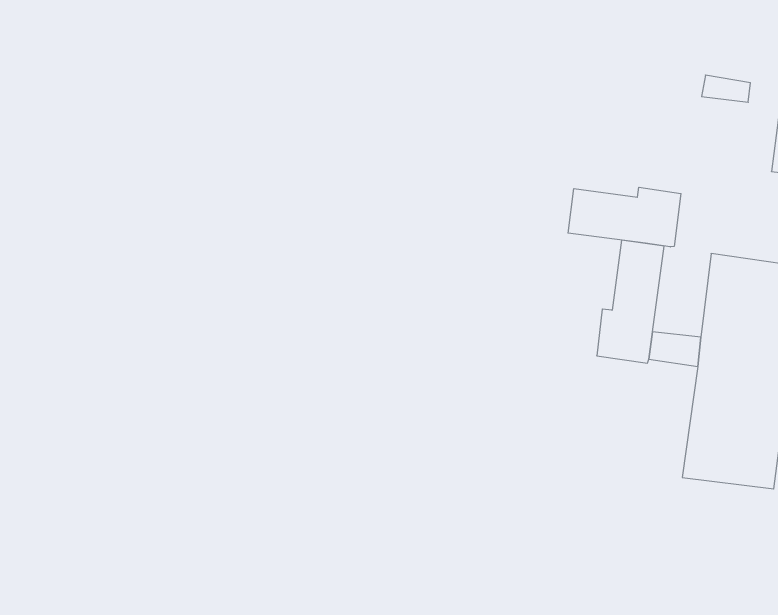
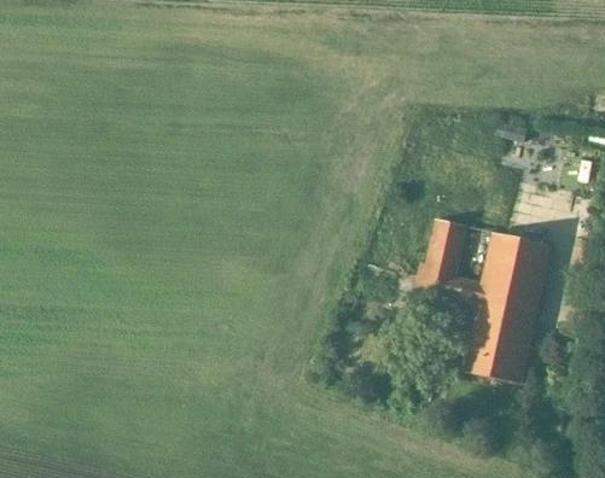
building: [568,187,681,247] -> none

